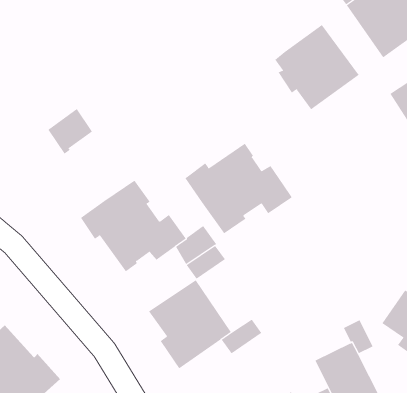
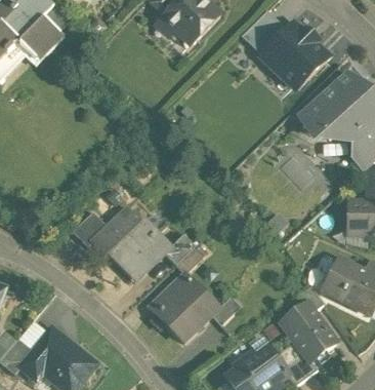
building: [274,24,360,110] -> none
building: [47,108,93,154] -> [73,211,107,247]
building: [185,143,292,234] -> none

